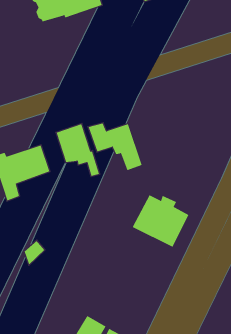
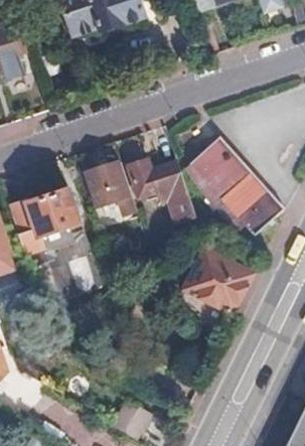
building: none -> [185,136,283,233]

